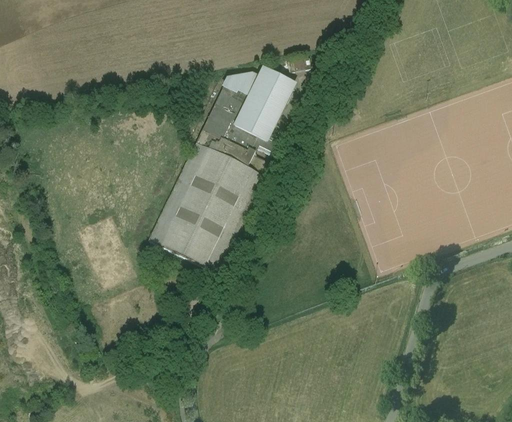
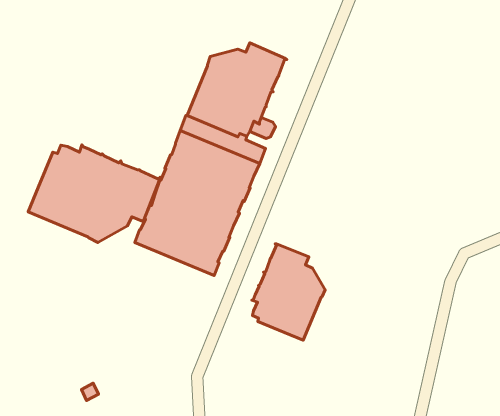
building: none -> [28,145,160,242]
building: none -> [252,244,325,340]

